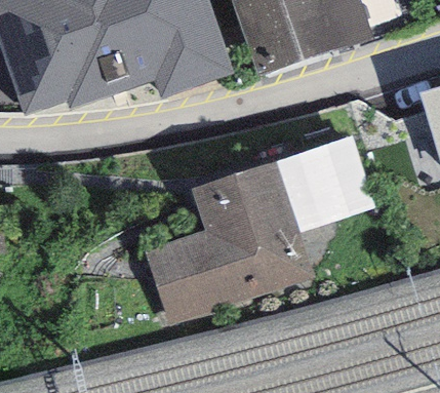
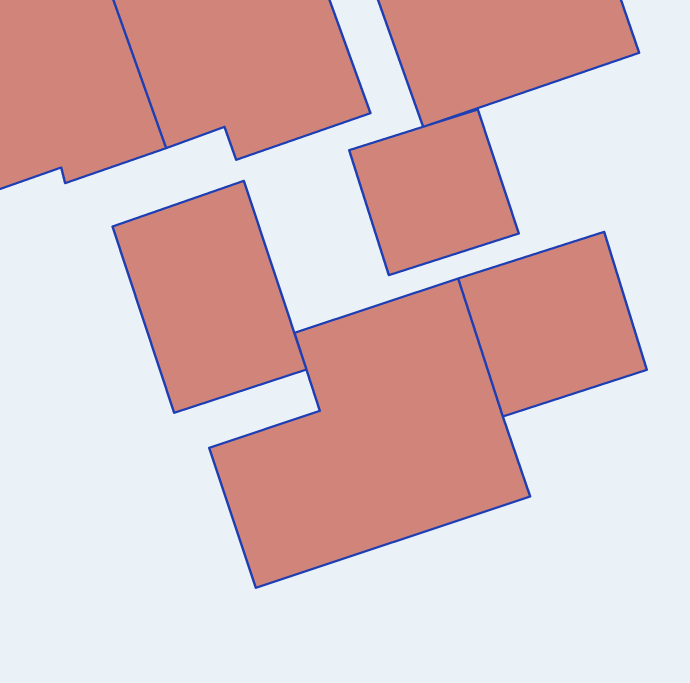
building: none -> [349,109,519,275]
building: none -> [113,181,307,413]

